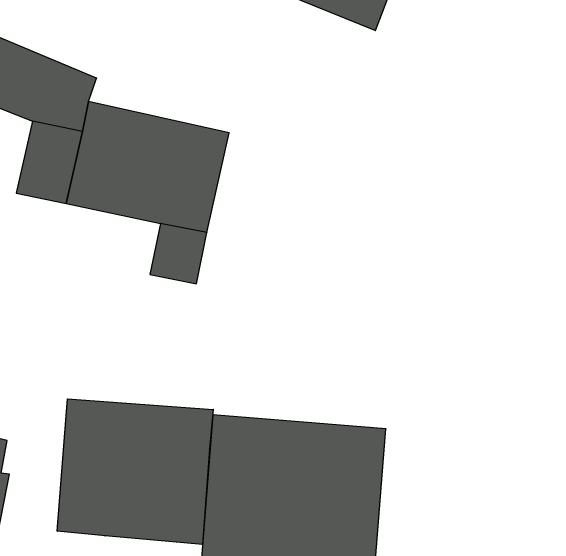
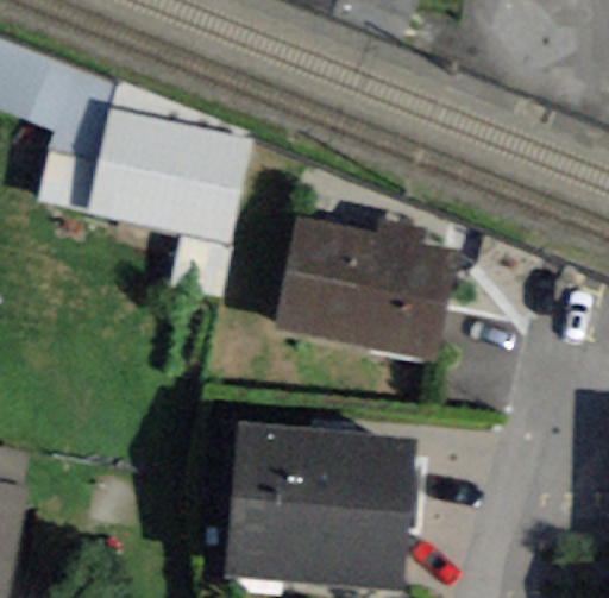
building: none -> [272,216,458,361]
building: [57,399,213,545] -> none

